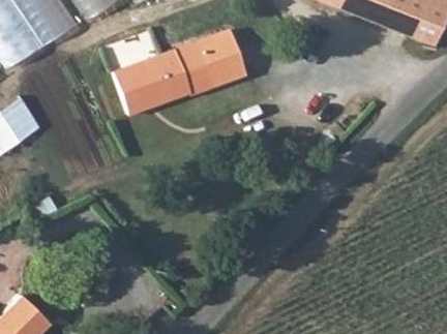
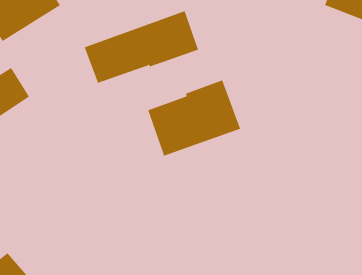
building: none -> [147,79,241,157]

